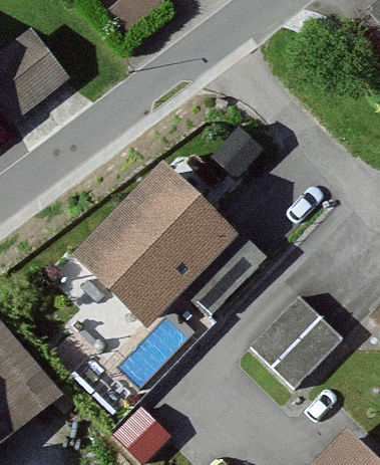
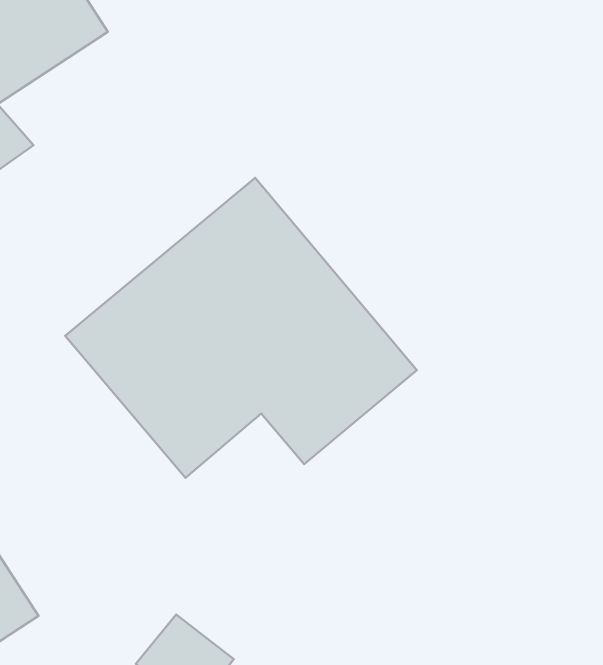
building: [248,291,352,396] -> none

